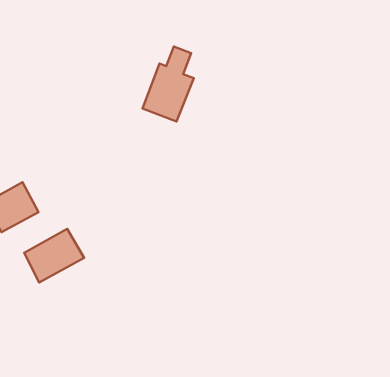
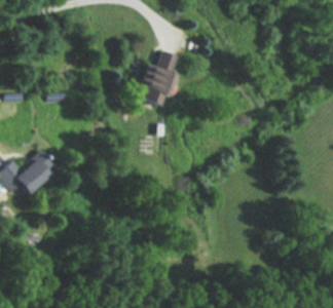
building: [24,229,84,283] -> none

